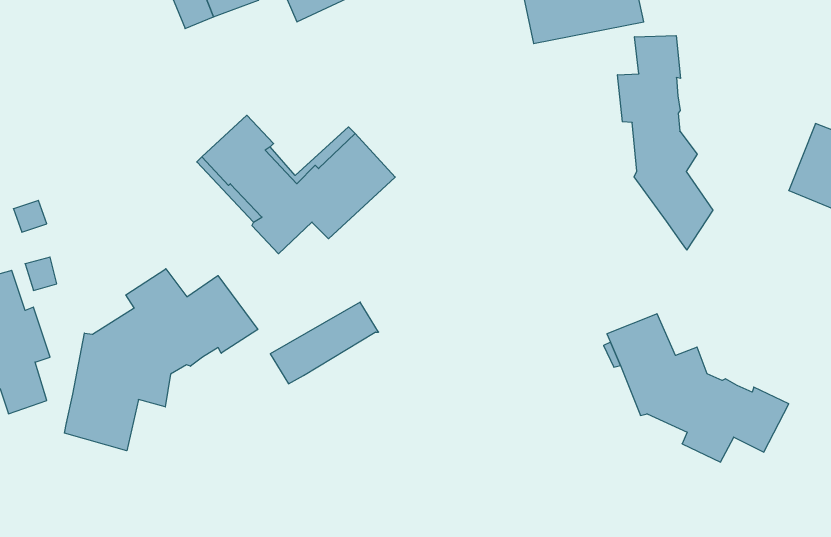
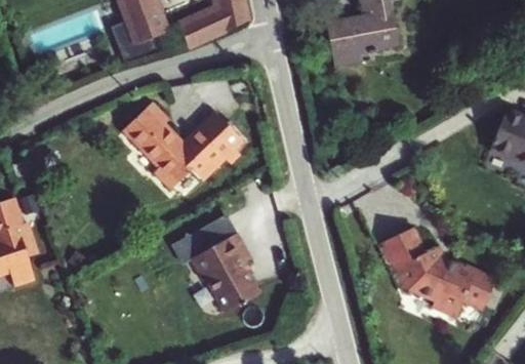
building: [618,36,713,250] -> none
building: [65,269,258,451] -> none
building: none -> [192,237,260,317]

